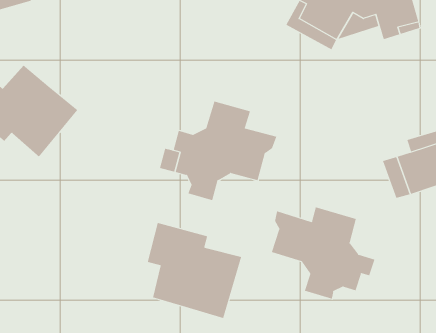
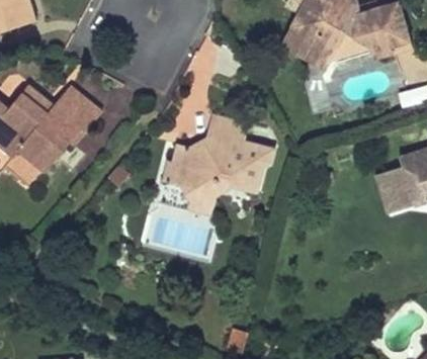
building: none -> [53,82,102,130]
building: [271,206,375,299] -> none
building: [147,222,242,319] -> none

